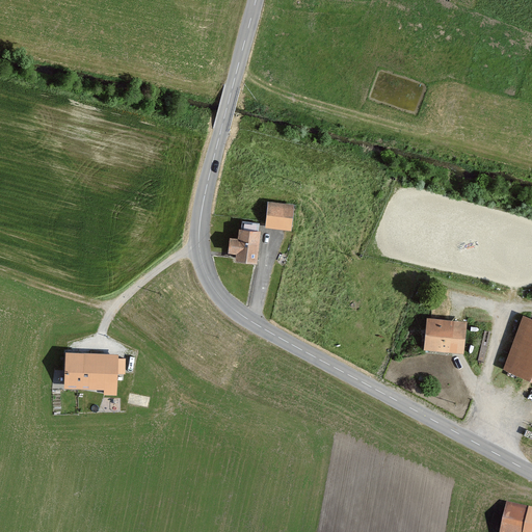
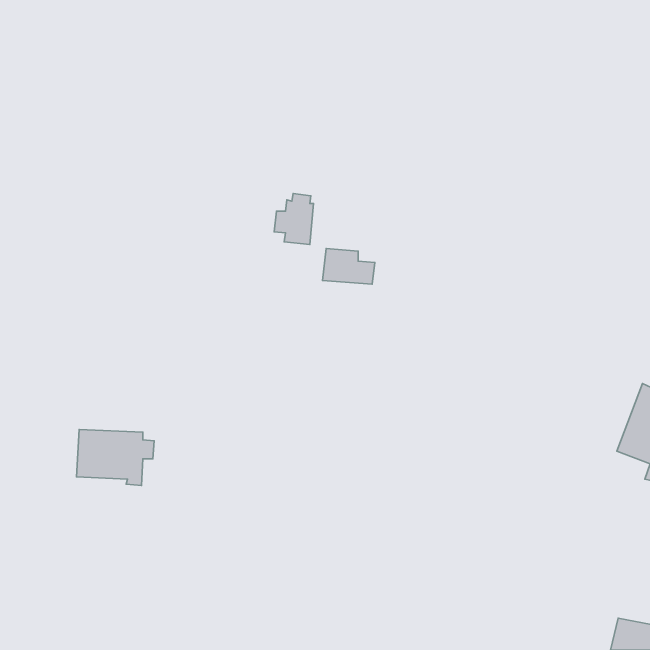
building: [228,222,260,264] -> [274,193,314,244]
building: [425,320,463,353] -> none

